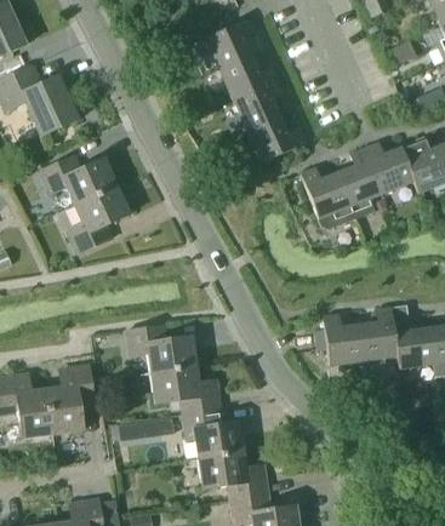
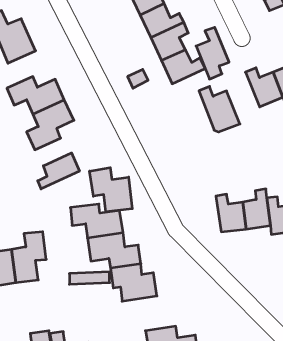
building: [337,147,382,217] -> [196,27,229,79]
building: none -> [38,153,79,189]
building: none -> [90,168,132,212]
building: [195,451,268,498] -> none

